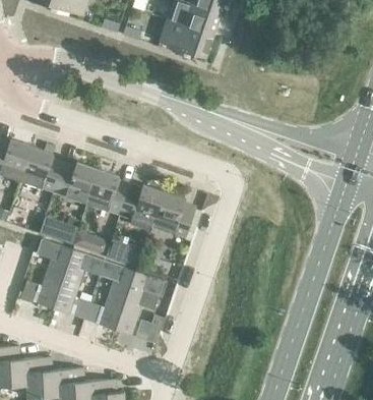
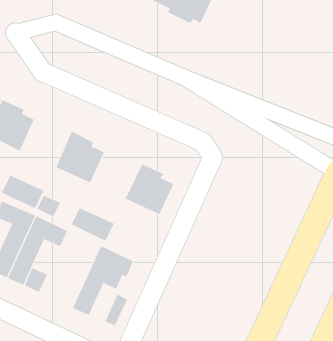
building: [52,162,97,204] -> none
building: [119,185,164,226] -> none
building: [98,261,134,331] -> none

